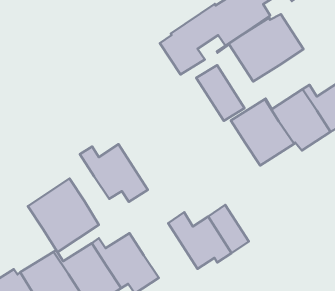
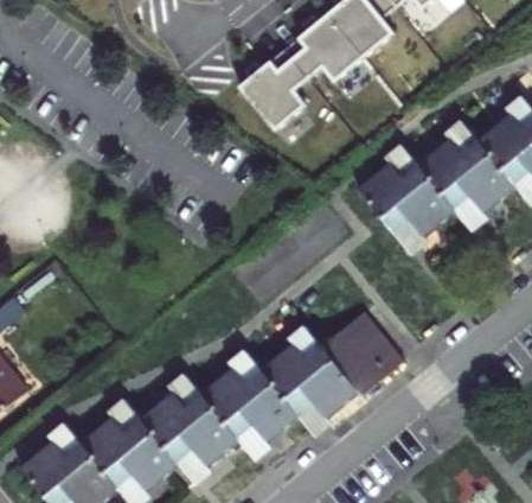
building: [217,14,303,82] -> none
building: [196,65,245,121] -> none
building: [80,144,148,202] -> [229,345,331,426]
building: [28,178,99,252] -> none

